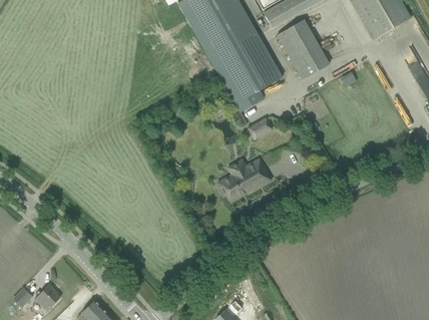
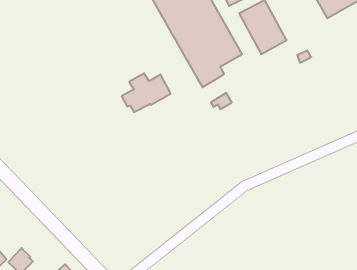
building: [219,158,271,200] -> [122,73,171,112]

